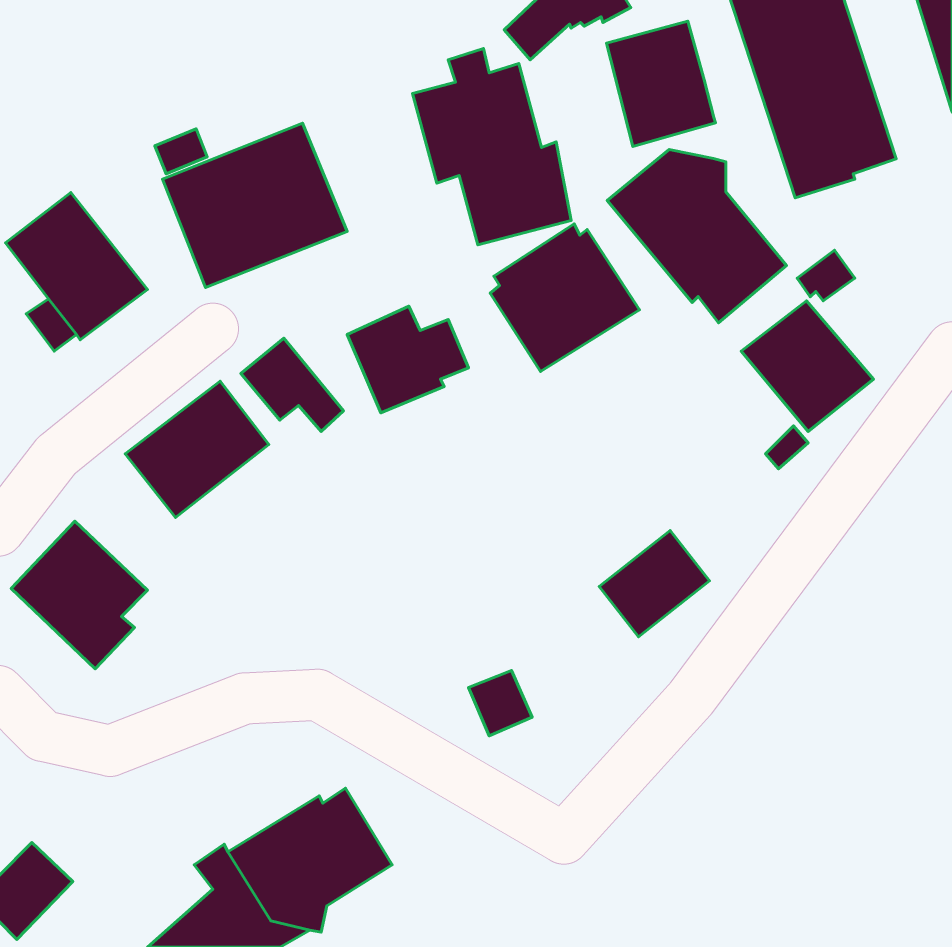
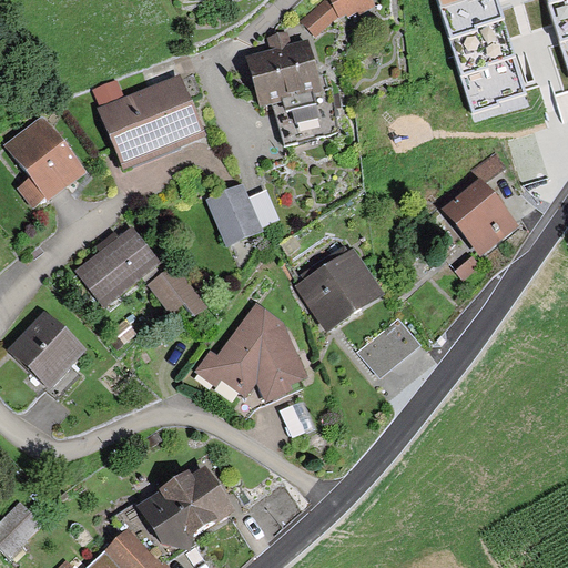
building: [606,21,716,146] -> none
building: [607,149,786,323] -> none
building: [490,224,639,371] -> [295,244,384,332]
building: [241,338,343,432] -> [149,263,210,318]
building: none -> [194,302,308,403]

